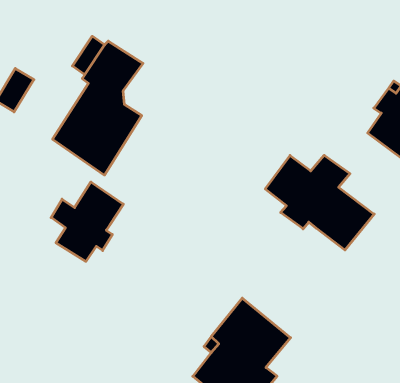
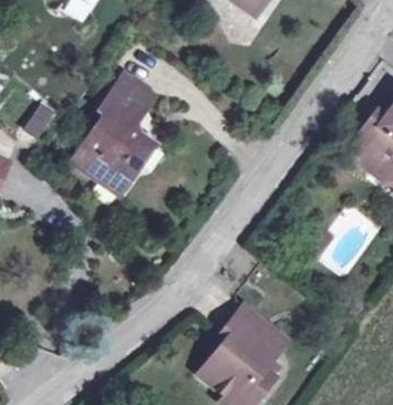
building: [265,155,374,250] -> none
building: [51,182,123,261] -> none

